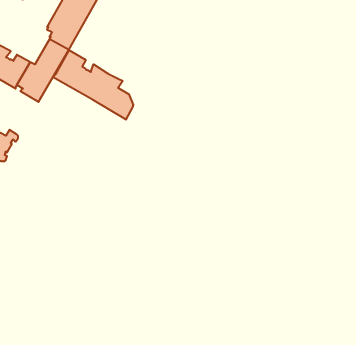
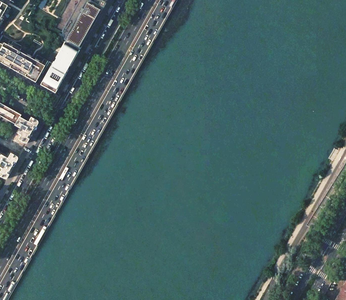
building: [53,50,133,120] -> none

